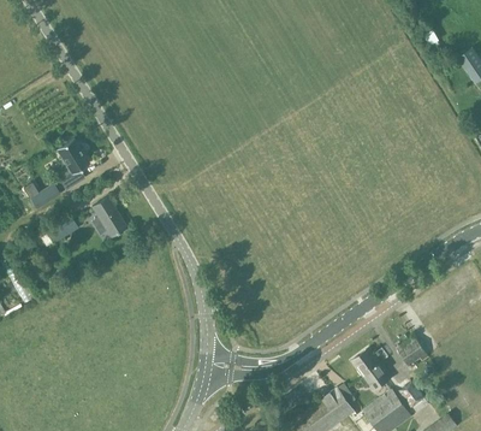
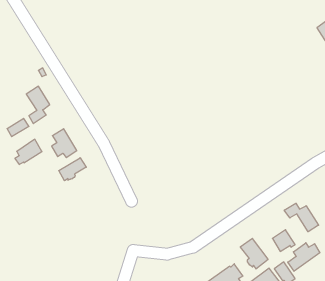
building: none -> [59,158,86,181]
building: none -> [284,203,319,232]
building: none -> [288,243,320,271]

